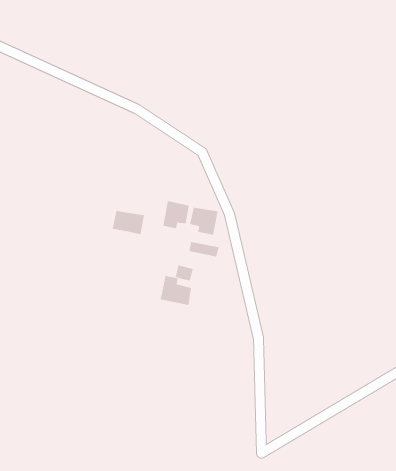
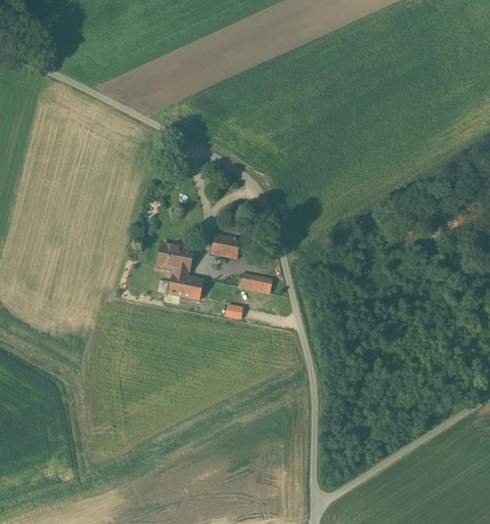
building: [189,207,218,235] -> none
building: [160,275,192,305] -> [169,266,203,298]

